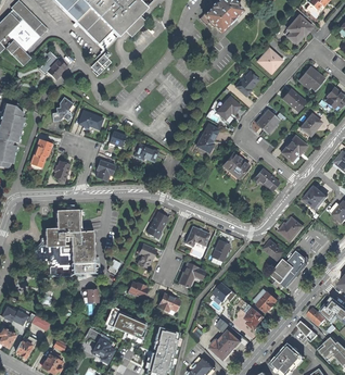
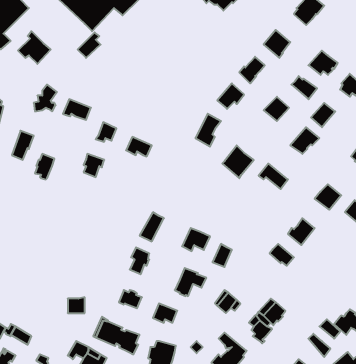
building: [34,208,94,276] -> none
building: [270,250,307,290] -> none

